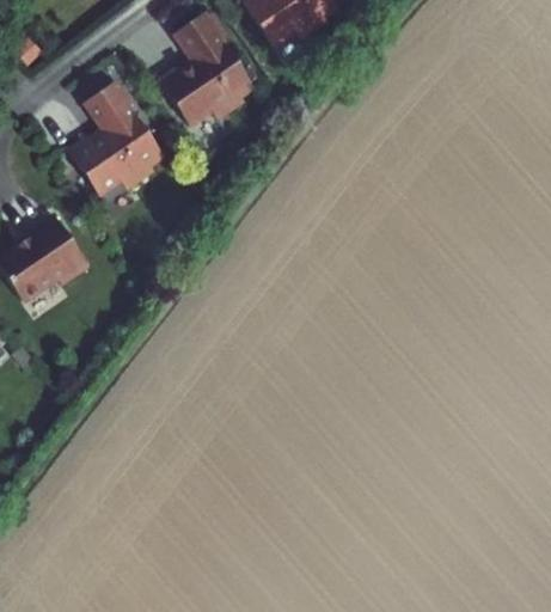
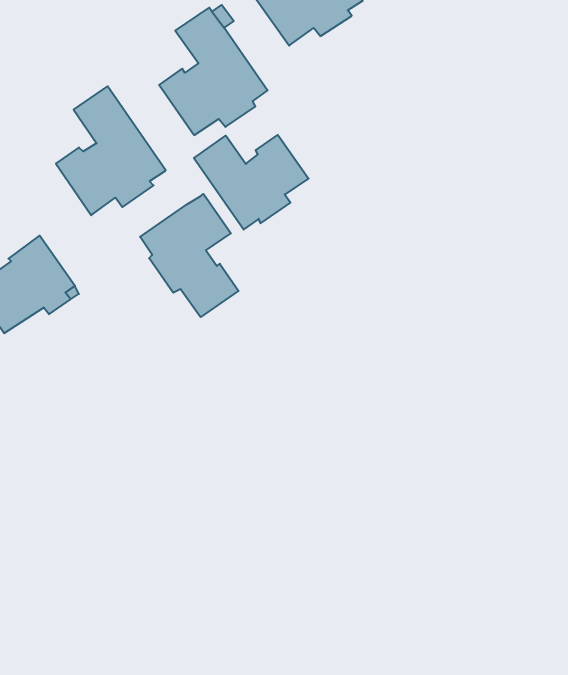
building: none -> [194,135,309,230]
building: none -> [140,194,239,317]

